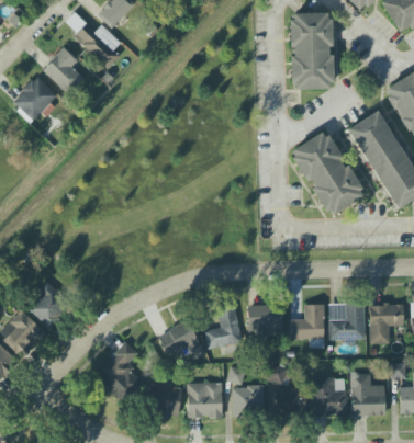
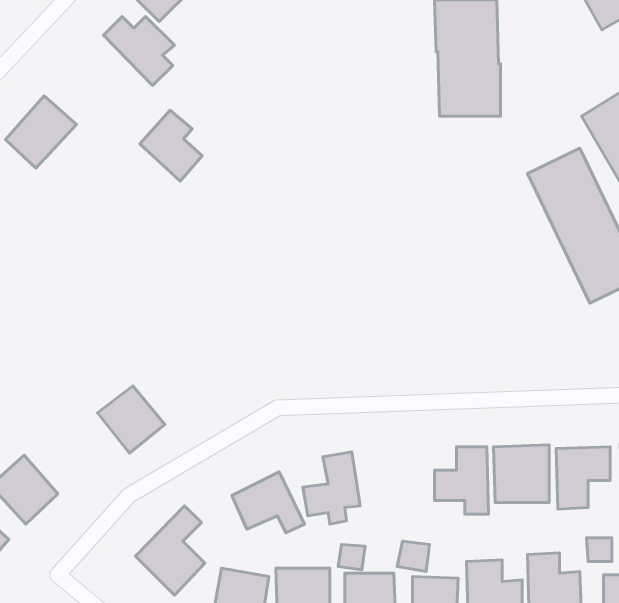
building: [43,48,83,94] -> [140,110,202,181]
building: [290,130,366,216] -> none
building: [26,286,70,330] -> [97,386,165,453]
building: [248,306,280,342] -> none

